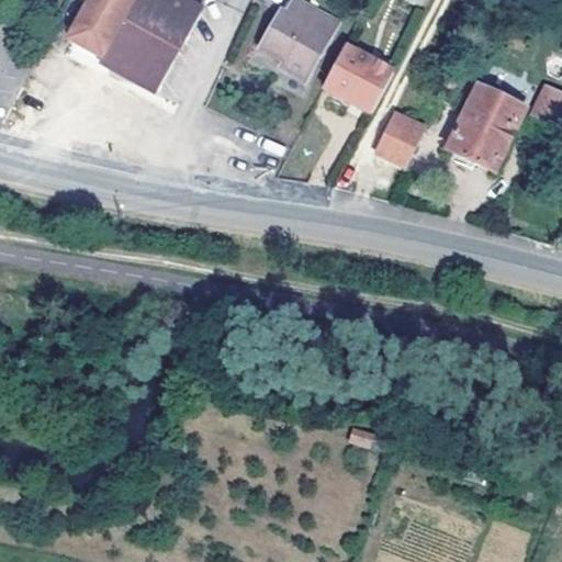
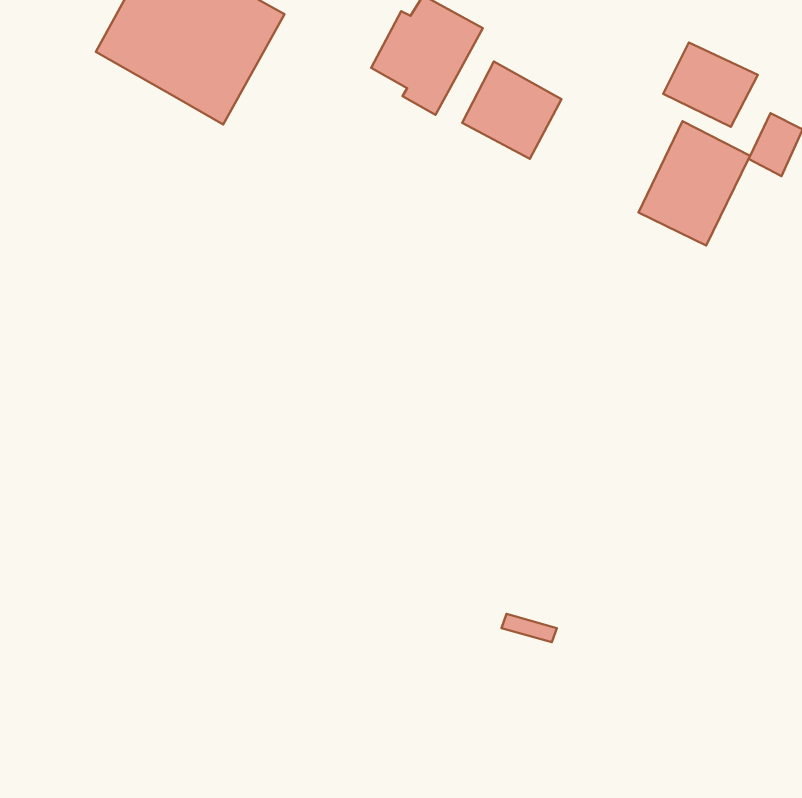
building: none -> [663,43,758,127]
building: [373,108,427,161] -> none

